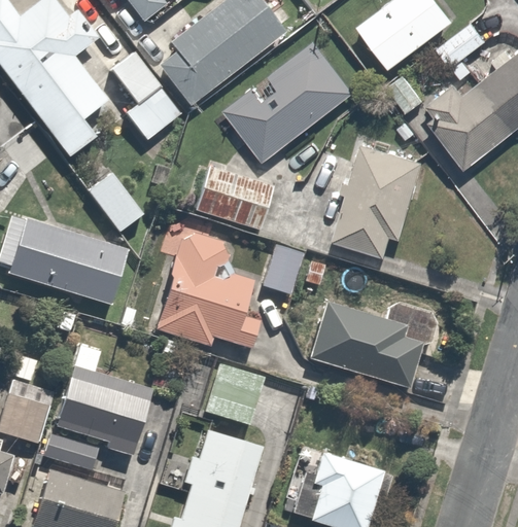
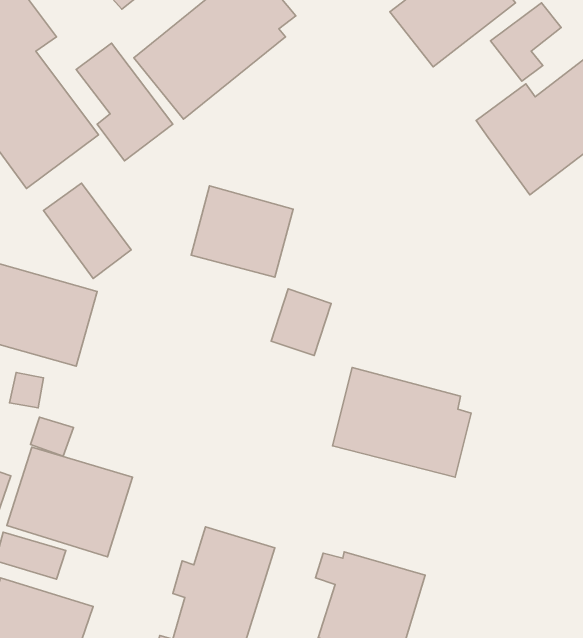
building: [222,42,354,163] -> none
building: [335,139,424,251] -> none
building: [154,227,263,349] -> none

